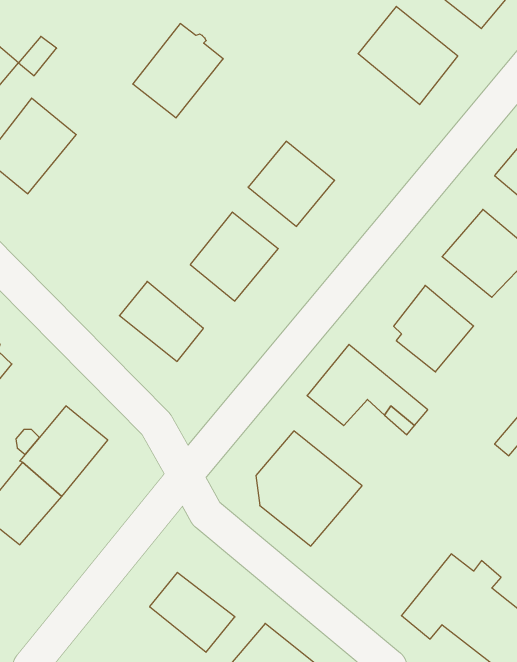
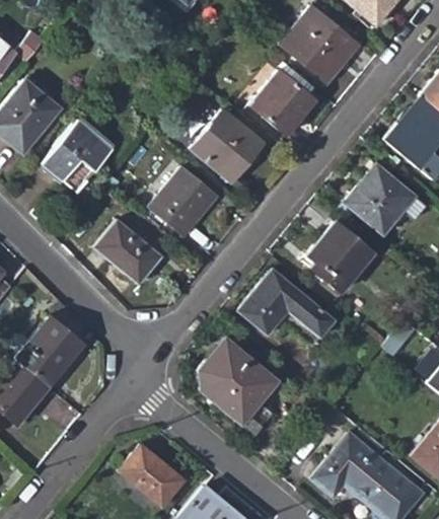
building: [133,24,223,118] -> [44,119,114,192]
building: none -> [248,71,312,136]

